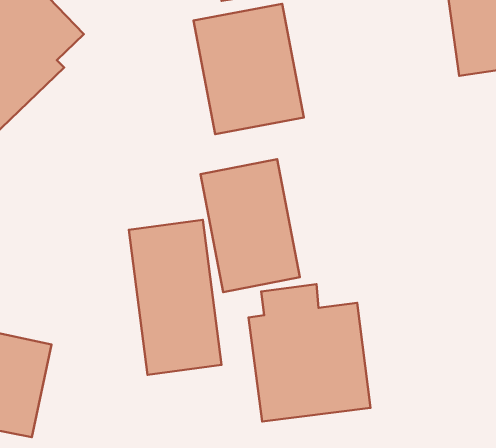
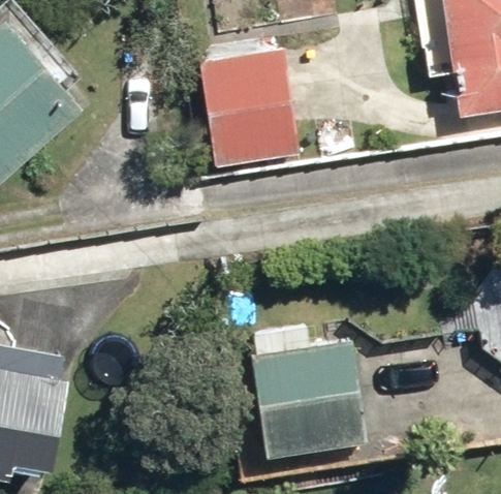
building: [200,159,300,292] -> none
building: [129,220,221,375] -> none

